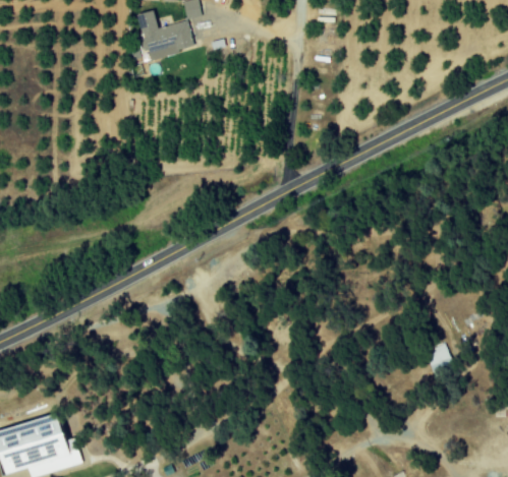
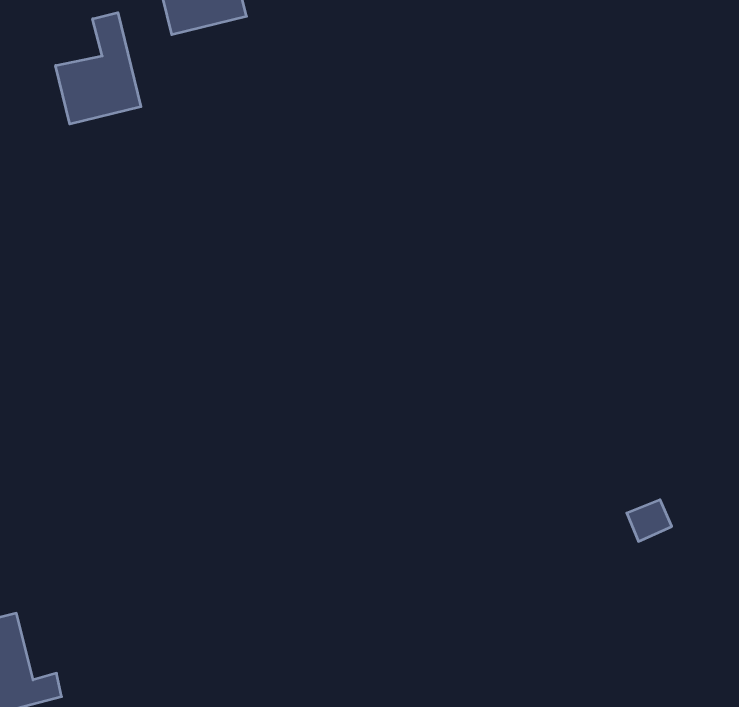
building: none -> [56,13,141,124]

